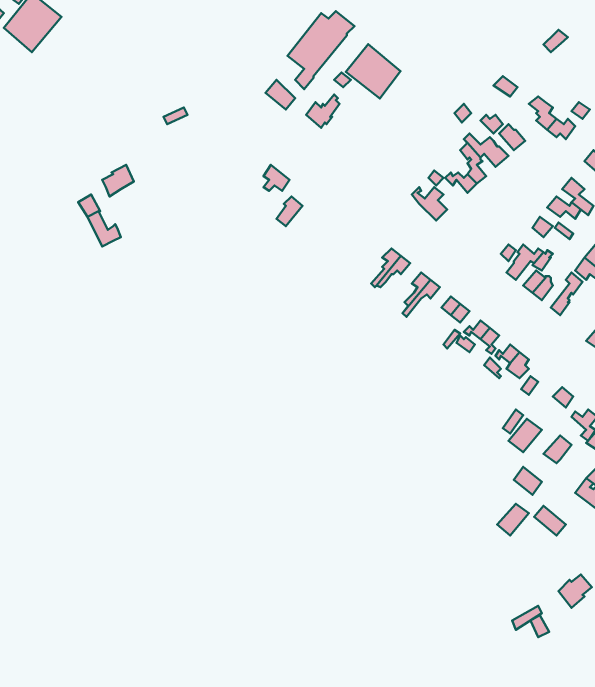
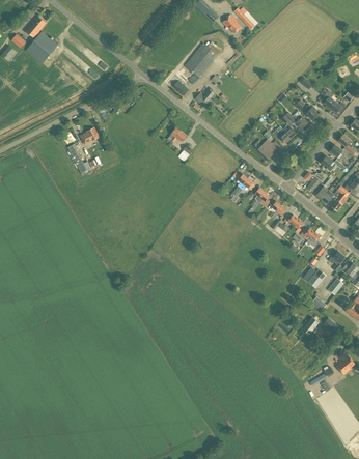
building: [346,44,401,98] -> none

